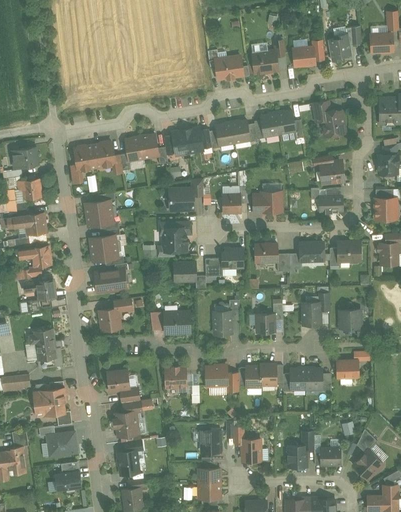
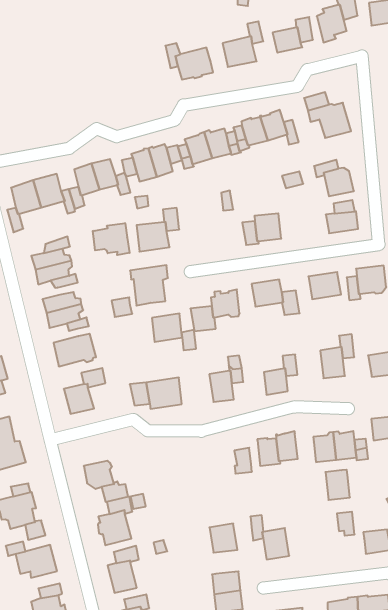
building: none -> [93,223,130,255]
building: [222,194,241,215] -> none
building: [164,366,186,389] -> none
building: [205,366,227,386] -> none
building: [288,445,305,467] -> [325,470,350,500]

